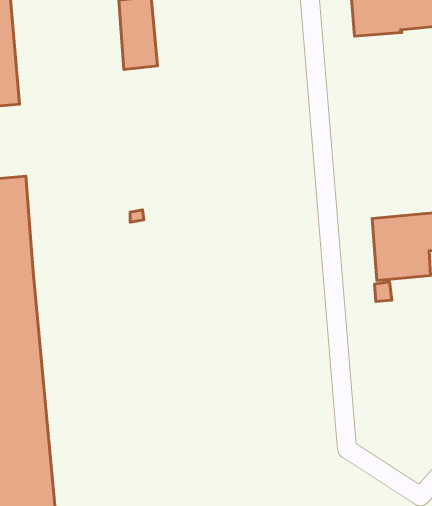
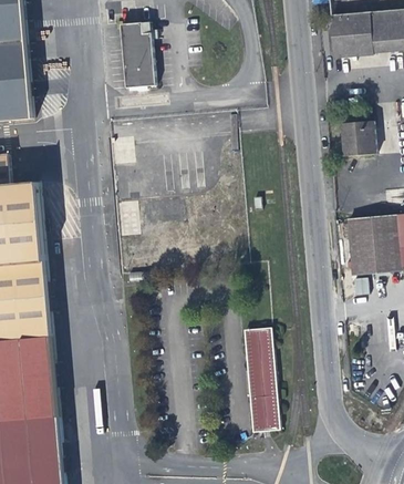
building: none -> [342,122,372,157]
building: none -> [239,325,274,428]

